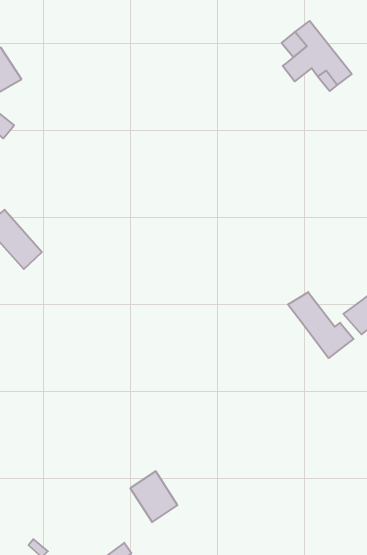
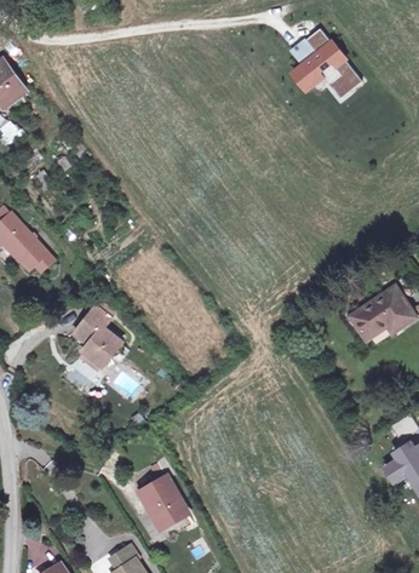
building: [288,292,354,358] -> none
building: none -> [71,306,119,365]

